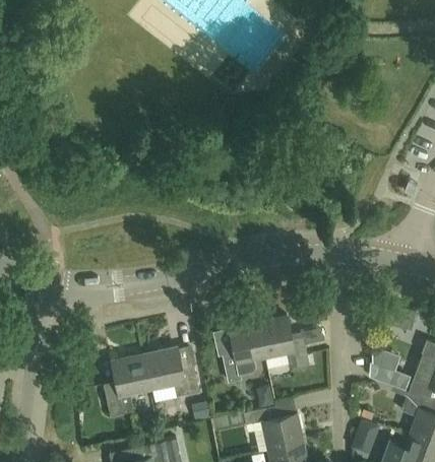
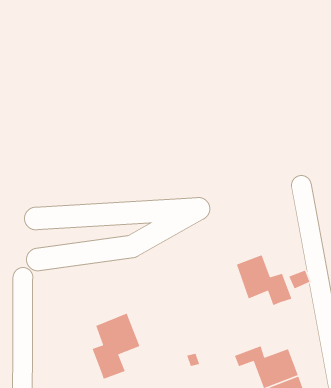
building: [223,323,265,383] -> none
building: [144,347,199,395] -> none

